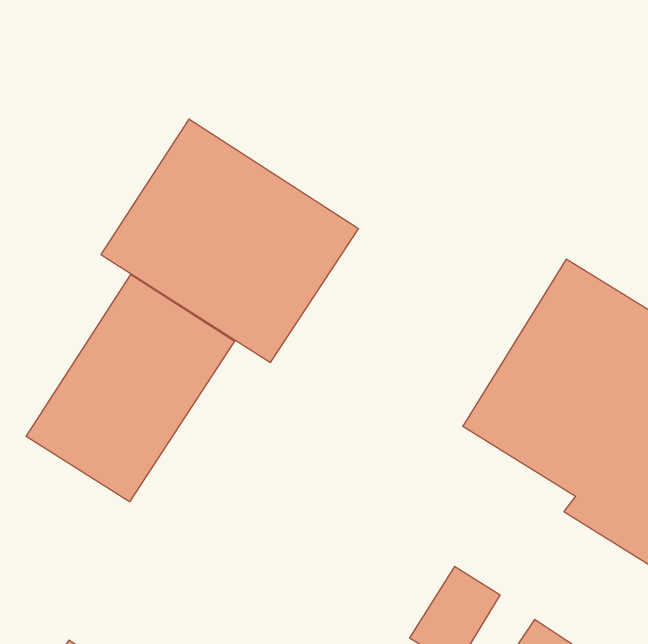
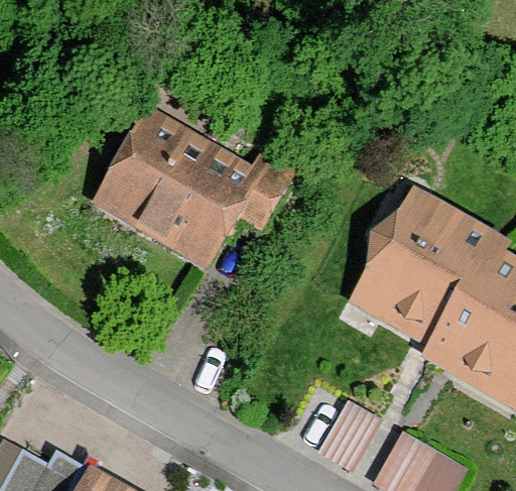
building: [26,275,235,502] -> none

